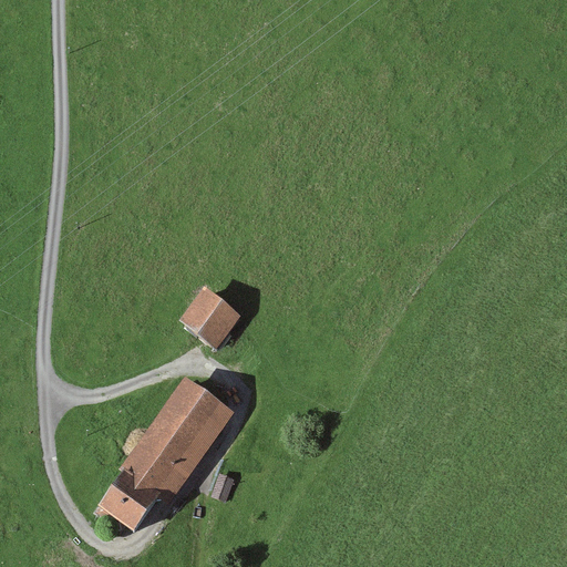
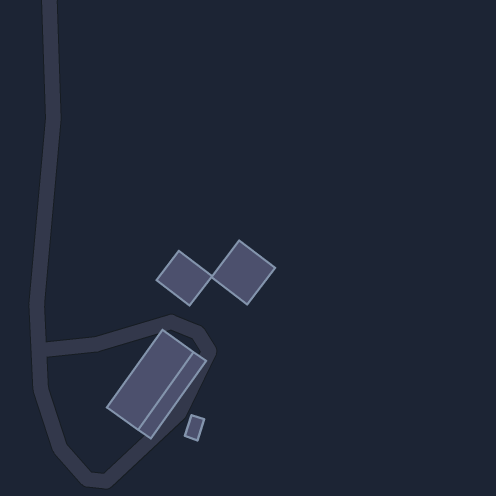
building: none -> [211,241,275,304]
building: [94,466,161,530] -> none

